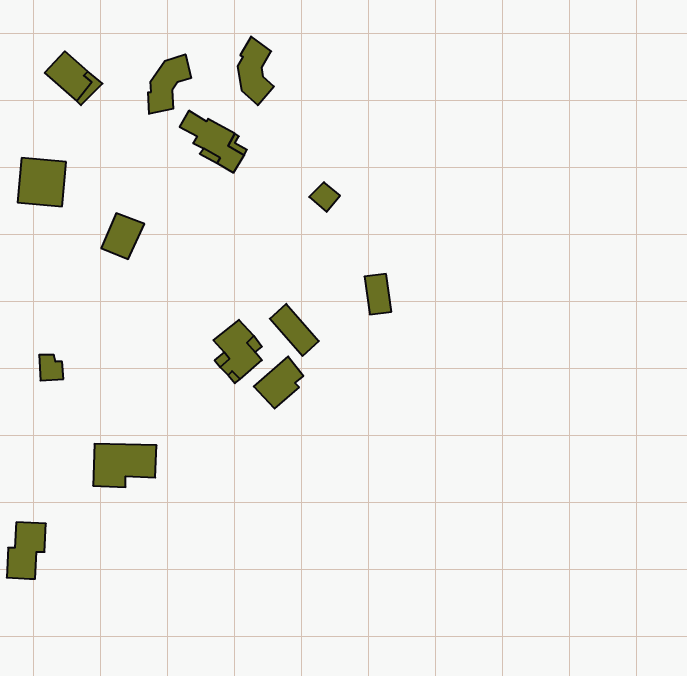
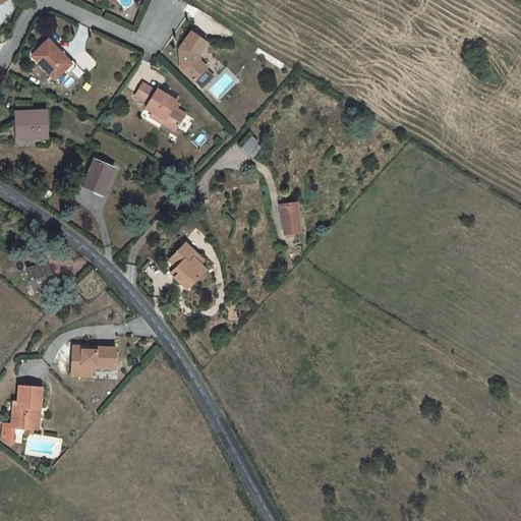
building: [148,54,191,114] -> none
building: [270,304,319,356] -> none
building: [254,356,303,409] -> none

